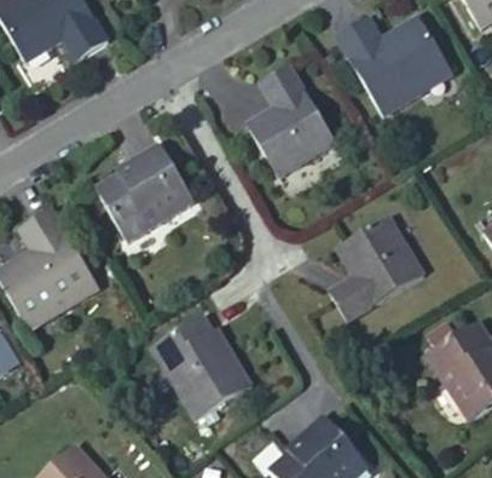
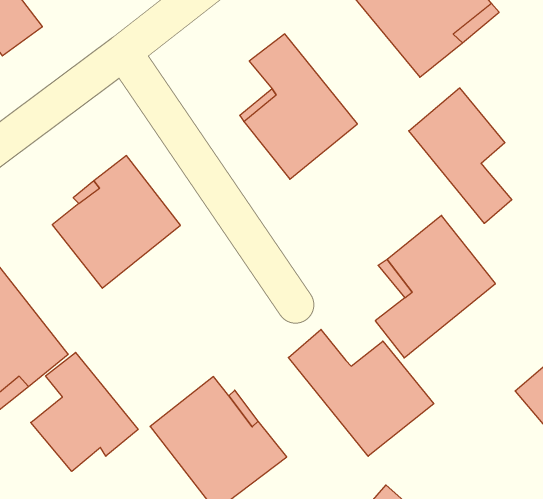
building: none -> [409,88,512,223]
building: none -> [31,352,138,471]
building: none -> [288,329,434,456]

